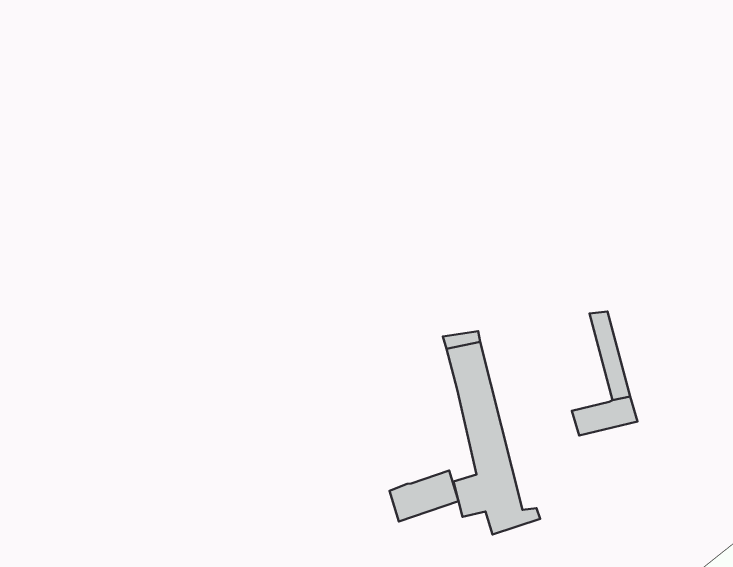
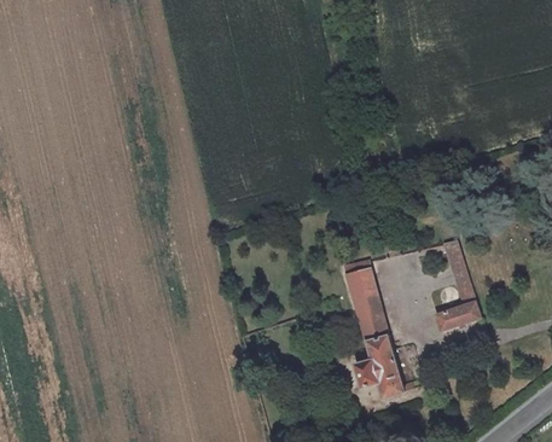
building: [389,470,458,522] -> none

